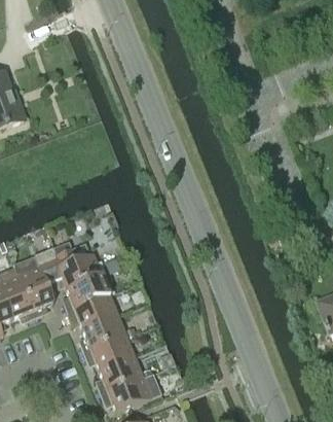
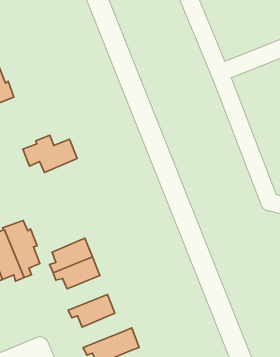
building: [42,247,102,288] -> [23,135,77,173]
building: [80,314,126,352] -> none
building: [97,355,143,393] -> none

